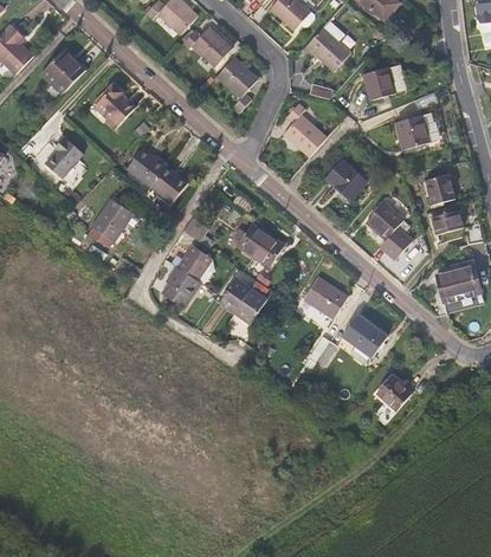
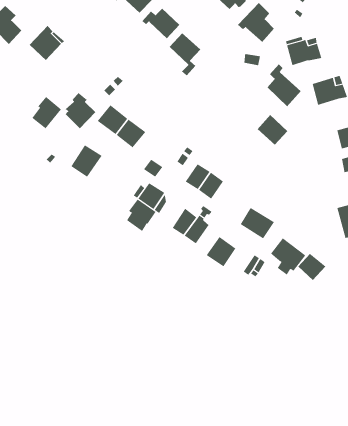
building: [93,84,133,130] -> [65,92,96,129]
building: [283,103,327,157] -> [266,64,301,107]
building: [364,201,403,247] -> none
building: none -> [206,236,236,267]
building: [377,375,413,409] -> [298,253,326,281]

